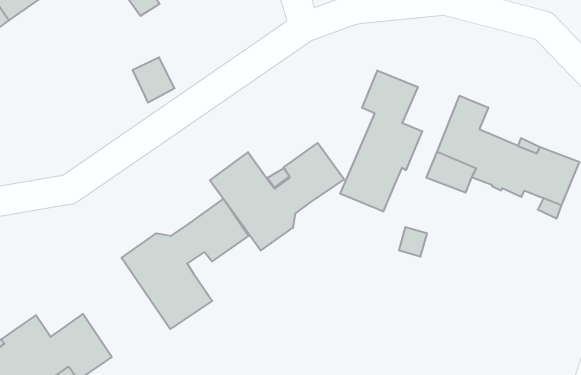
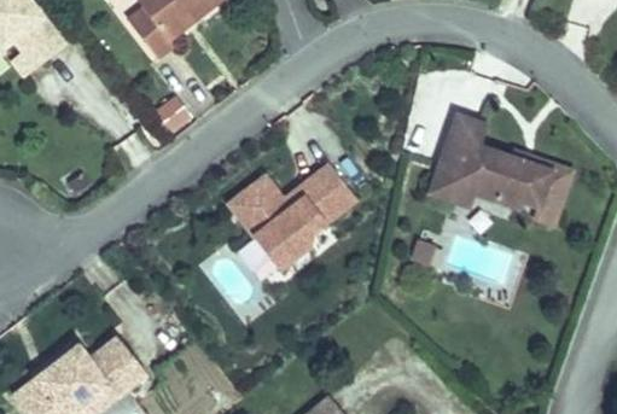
building: [340,70,422,212] -> none
building: [121,199,249,329] -> none

